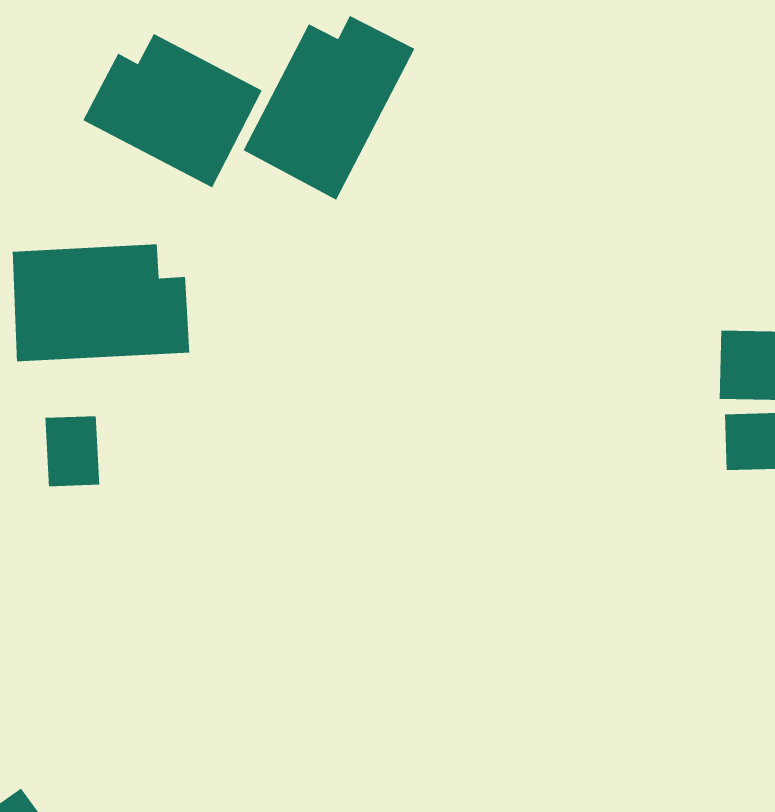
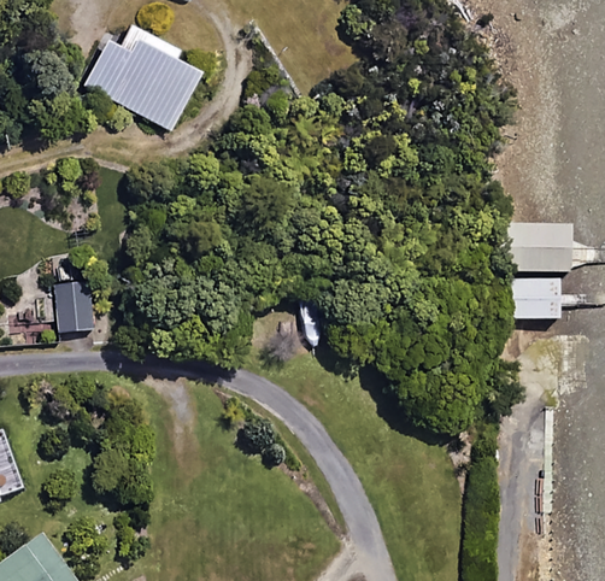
building: [242,15,416,201] -> none
building: [12,243,190,362] -> none

